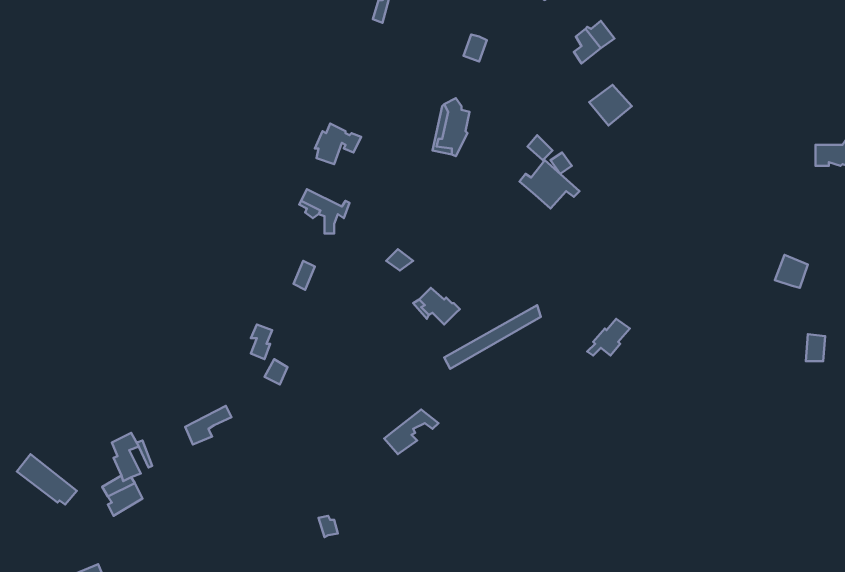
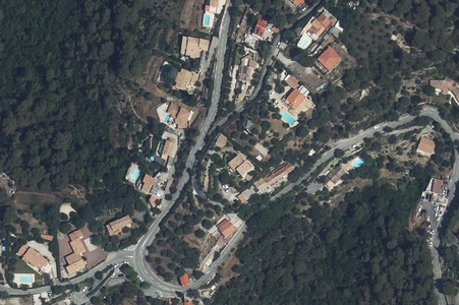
building: none -> [180,37,210,55]

